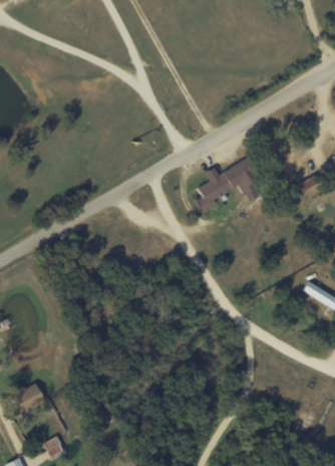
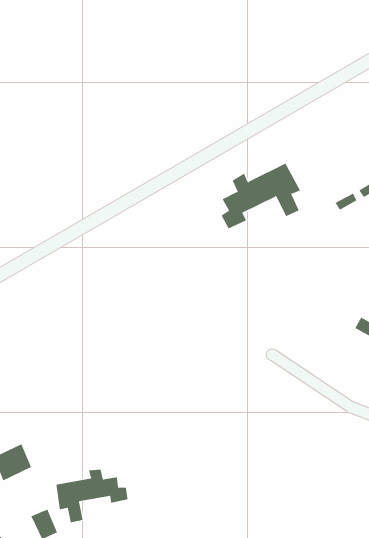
building: none -> [56,469,128,523]

